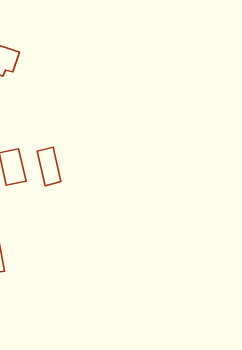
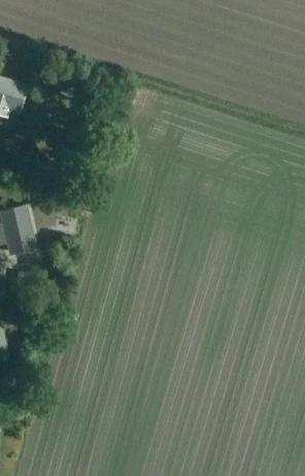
building: [37,147,61,186] -> none

